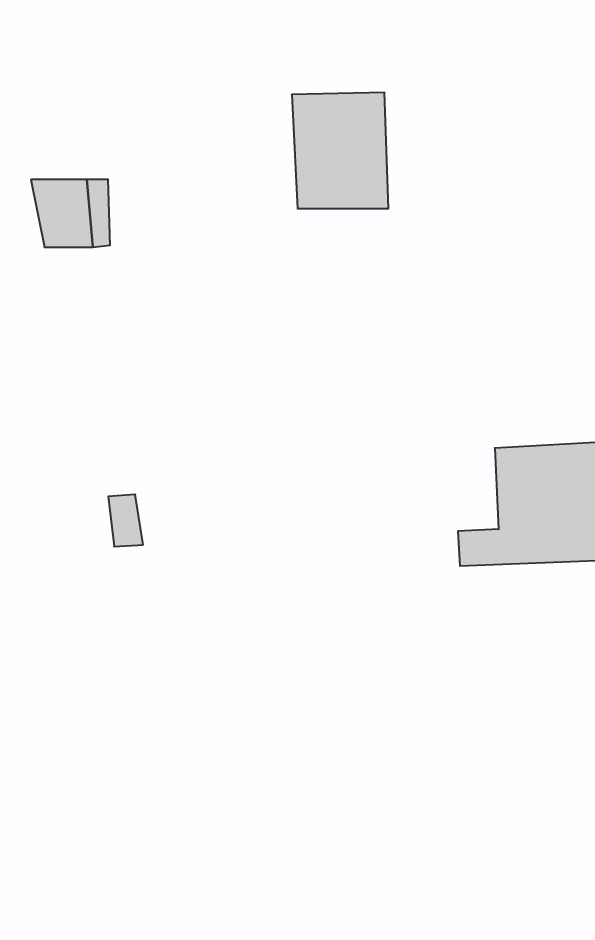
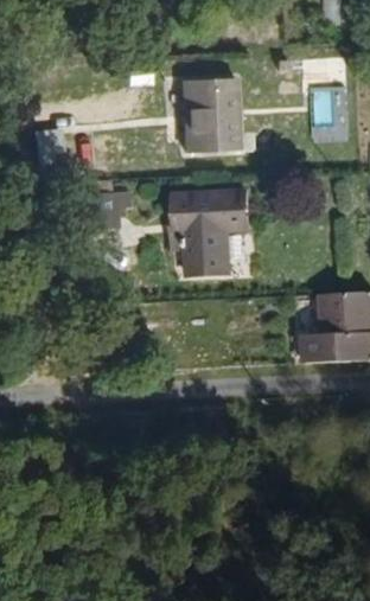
building: none -> [79,188,128,220]
building: none -> [172,191,250,273]

